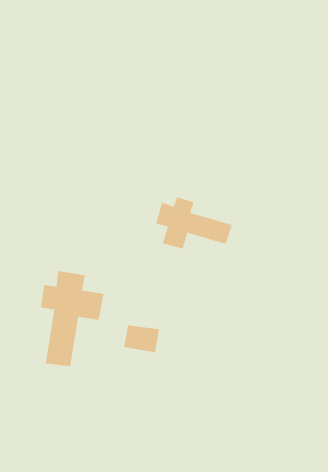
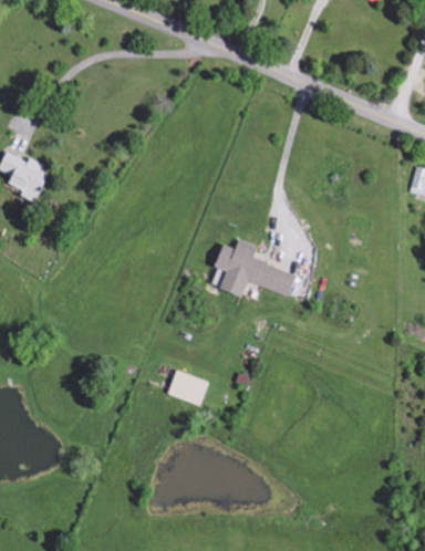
building: [40,270,104,367] -> none

